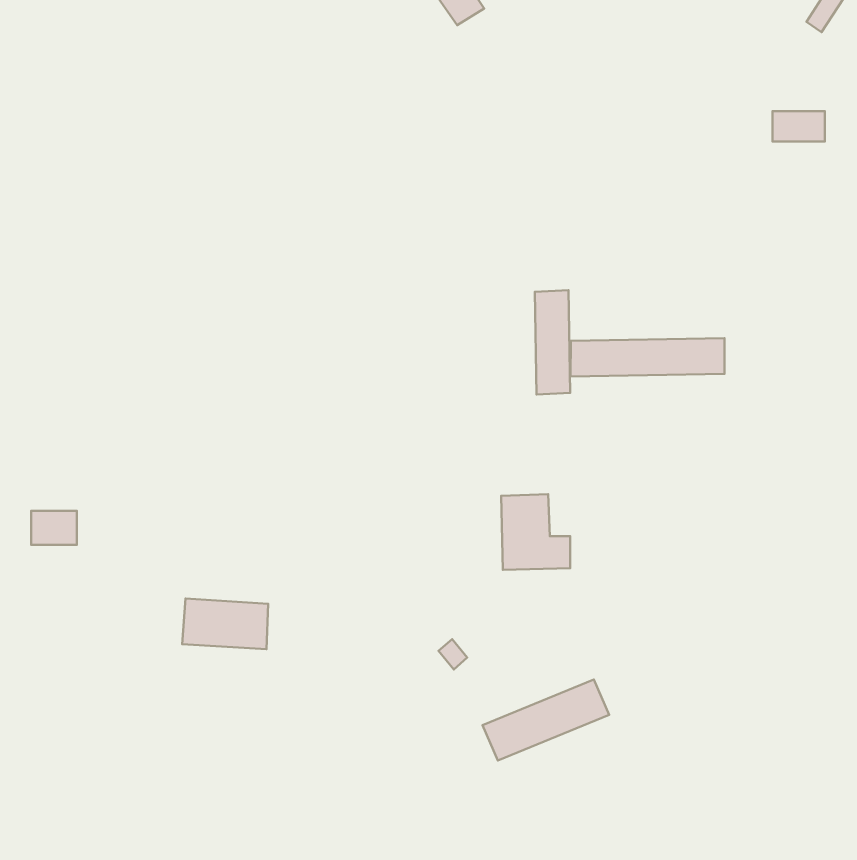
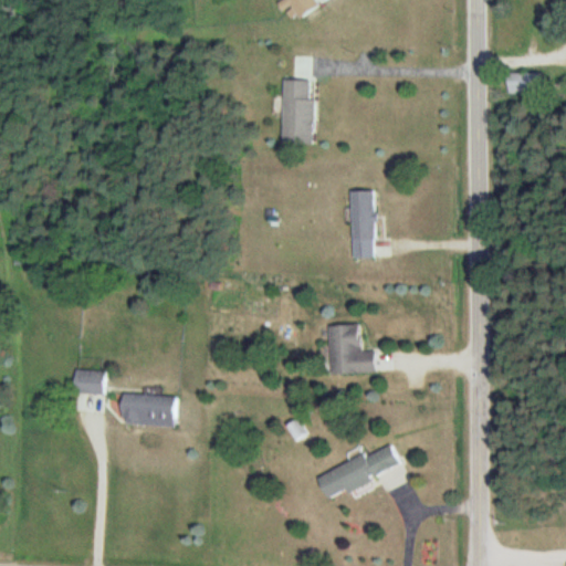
building: none -> [281,80,313,144]
building: [571,338,725,376] -> none
building: [31,511,77,545] -> [73,370,103,392]

